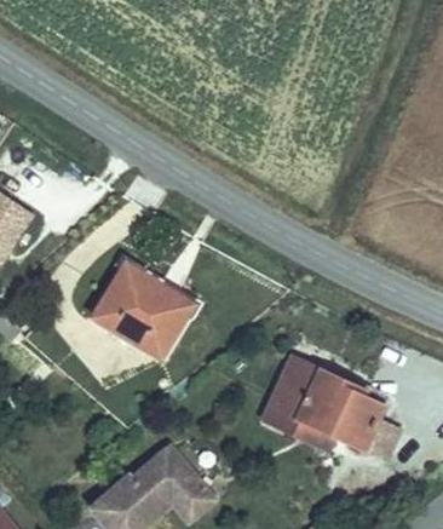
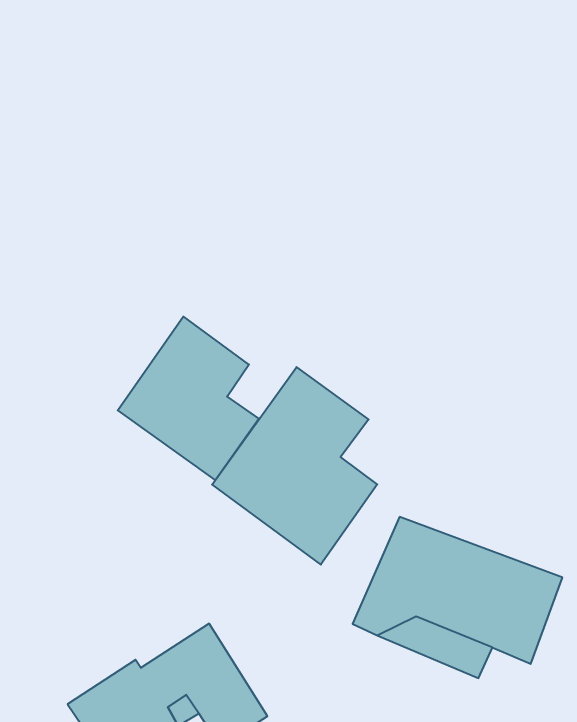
building: none -> [212,367,377,565]

